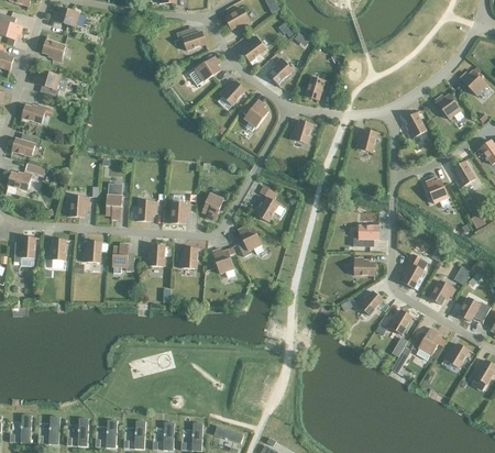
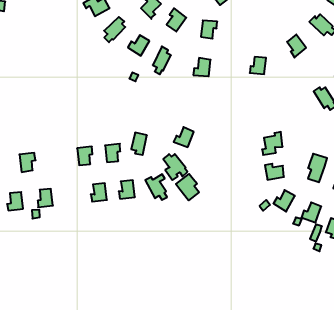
building: [104,183,121,218] -> none
building: [111,242,133,272] -> none
building: none -> [176,174,199,200]

